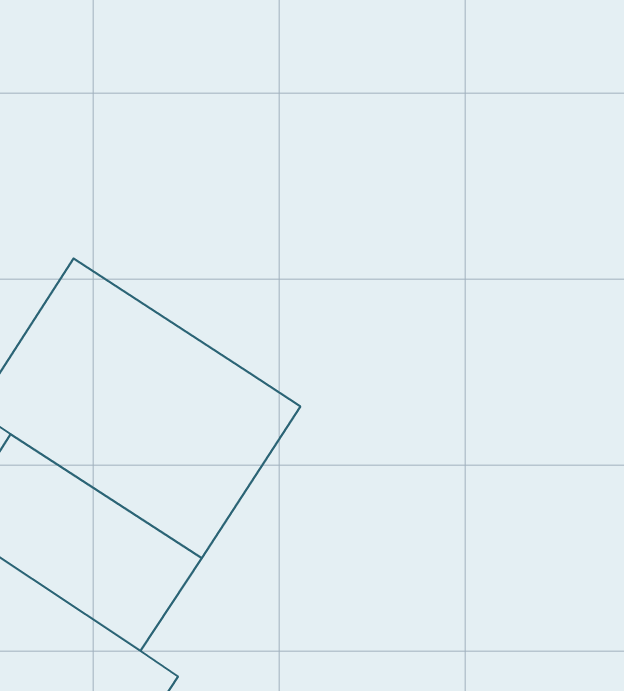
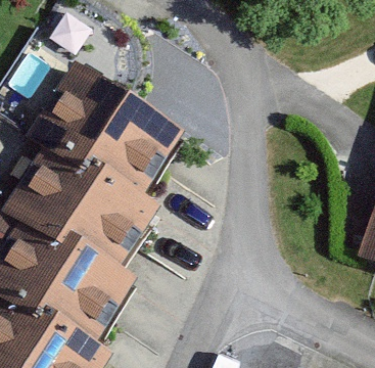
building: none -> [35,64,182,194]

